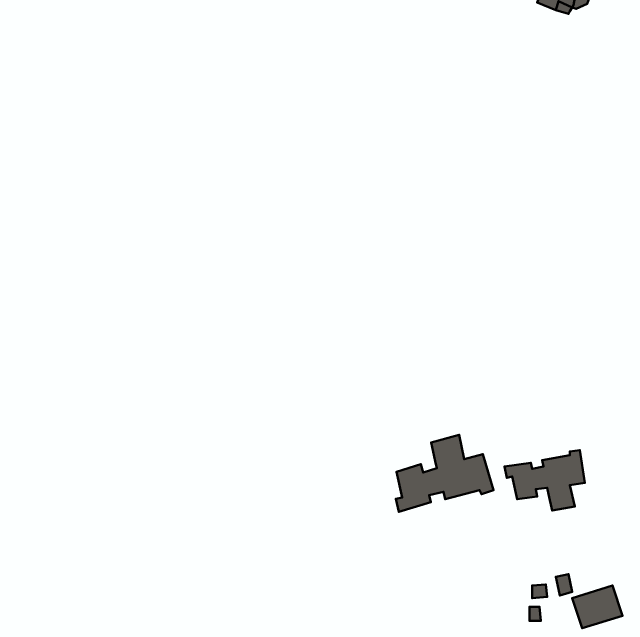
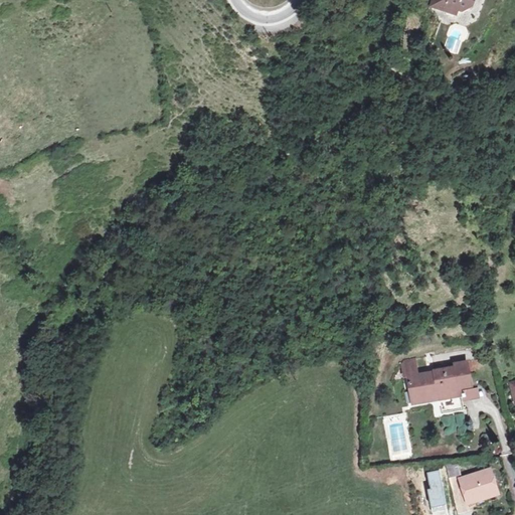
building: [396,435,494,512] -> none

